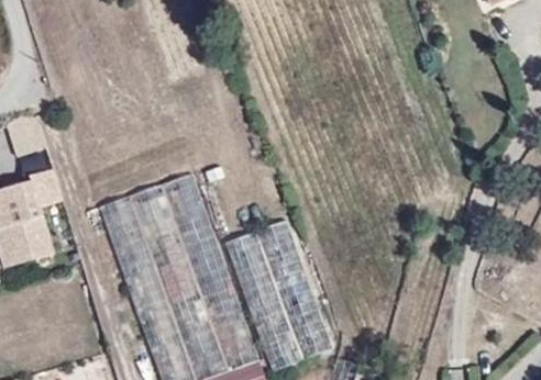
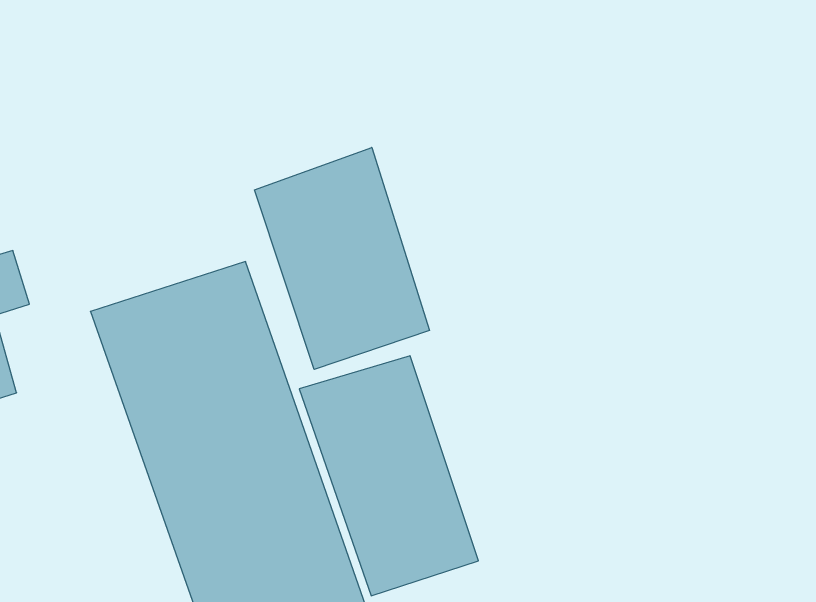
building: none -> [254,147,430,369]

